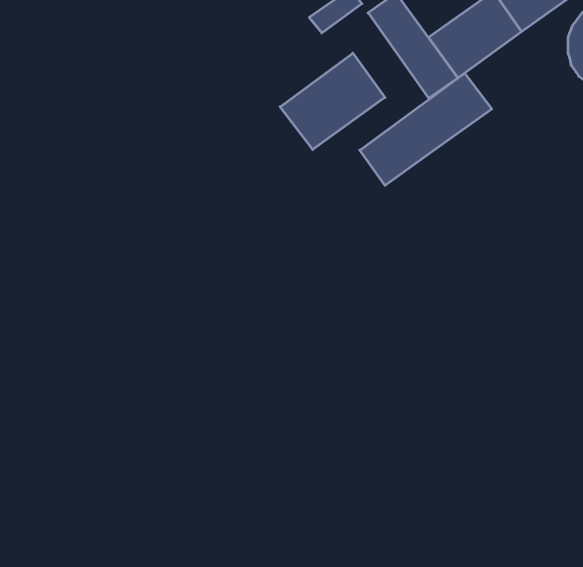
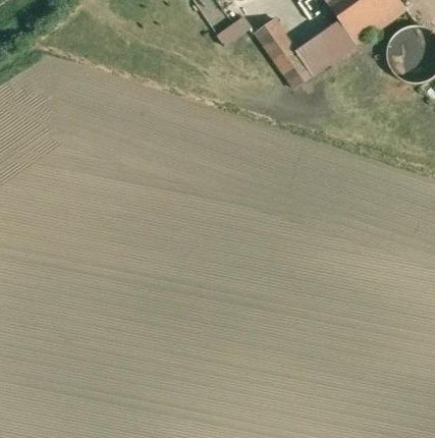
building: [280,53,385,150] -> none
building: [360,73,492,185] -> none

